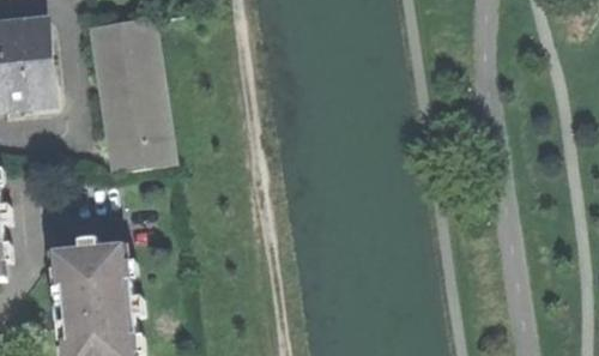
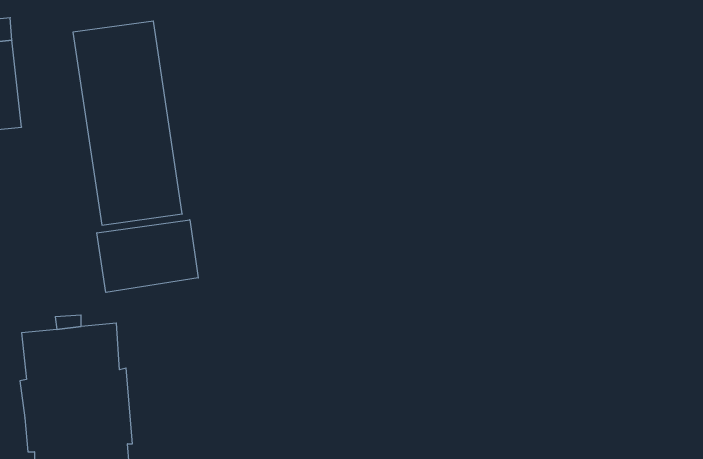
building: none -> [97,220,198,292]

